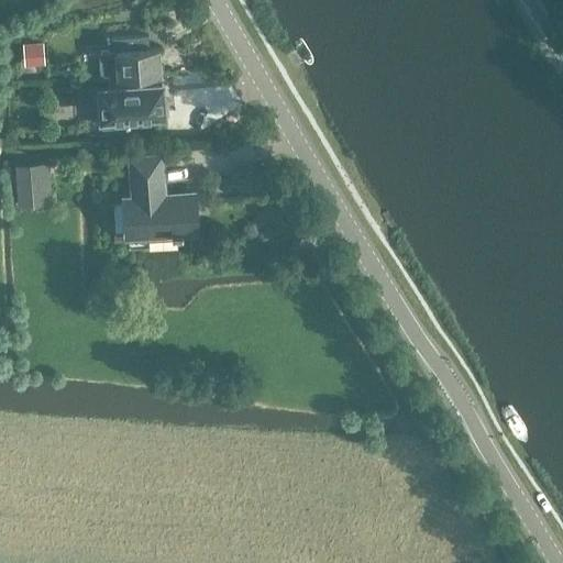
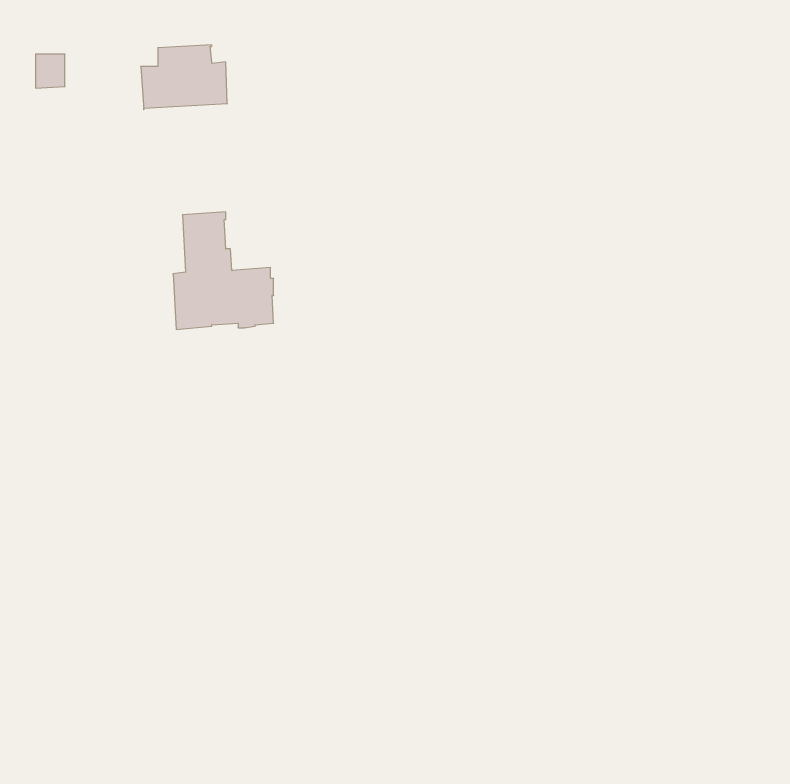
building: [100,87,168,130] -> none
building: [8,166,46,218] -> none

